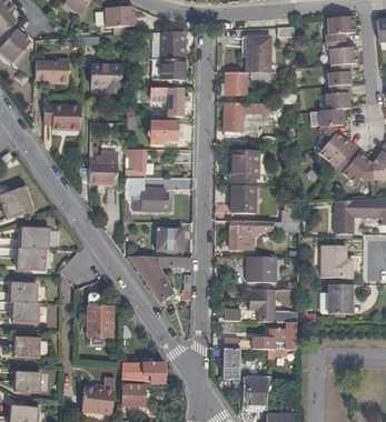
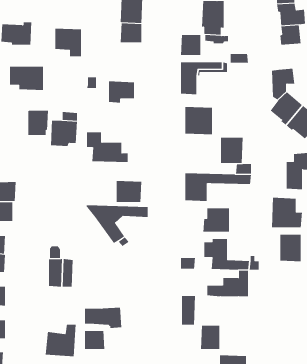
building: [326,82,350,109] -> none
building: [148,88,181,117] -> none
building: [125,148,147,174] -> [28,110,49,136]
building: [230,183,255,211] -> [220,137,244,163]

